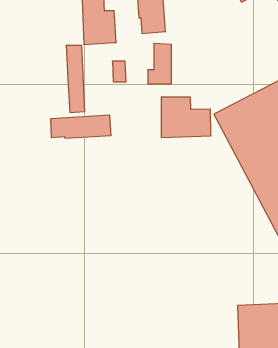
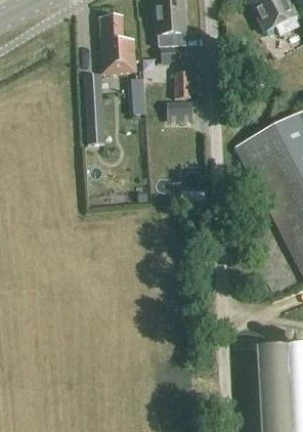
building: [162,97,210,138] -> none
building: [51,115,111,138] -> none

